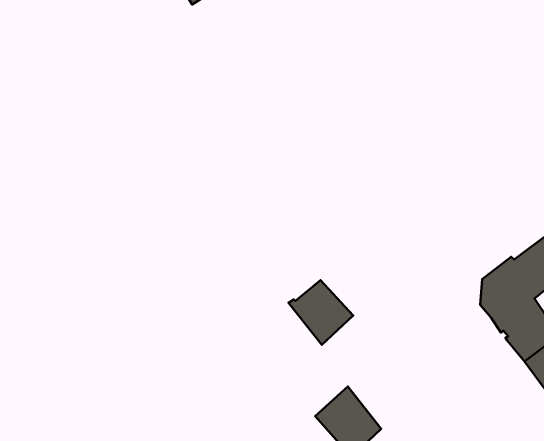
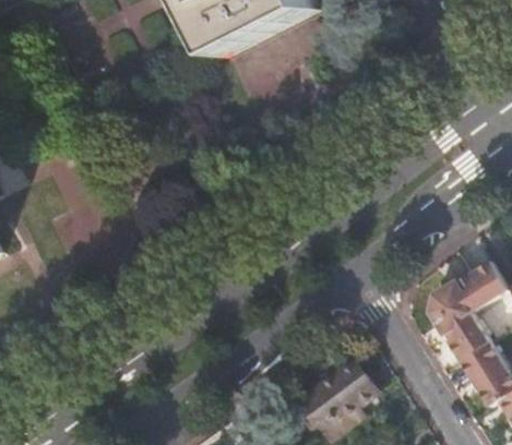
building: [289,280,353,345] -> [320,353,369,404]

